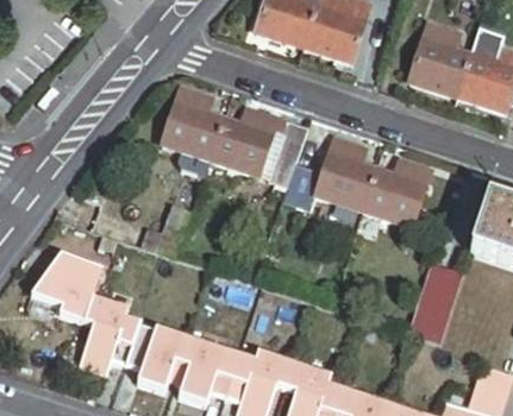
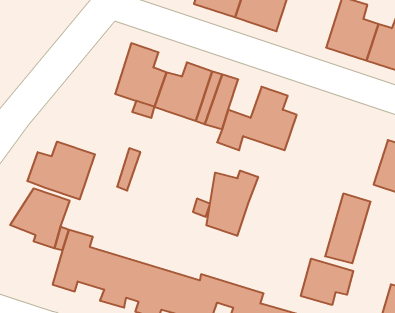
building: [361,156,427,223] -> none
building: none -> [27,142,95,199]
building: none -> [206,171,258,236]
building: none -> [301,259,353,305]

